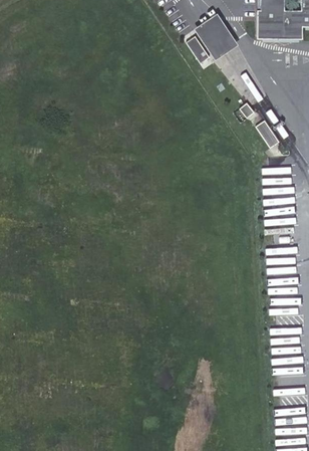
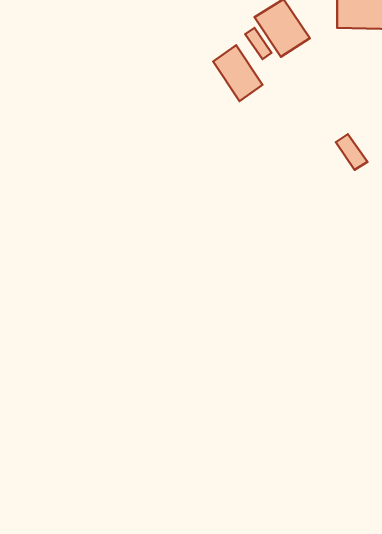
building: none -> [213,45,263,101]

